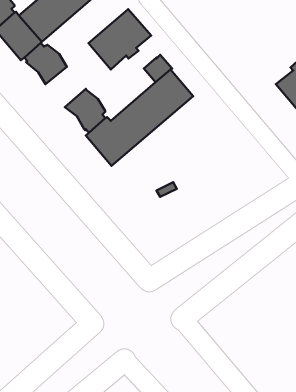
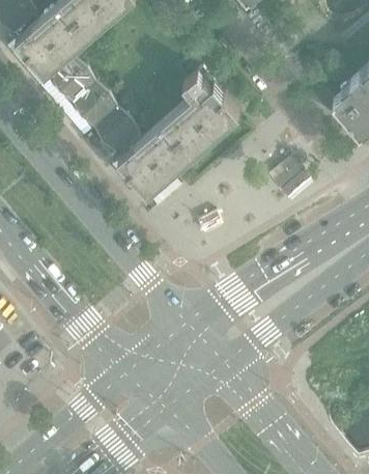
building: [89,9,151,69] -> none
building: none -> [72,81,117,127]
building: none -> [268,156,309,197]

